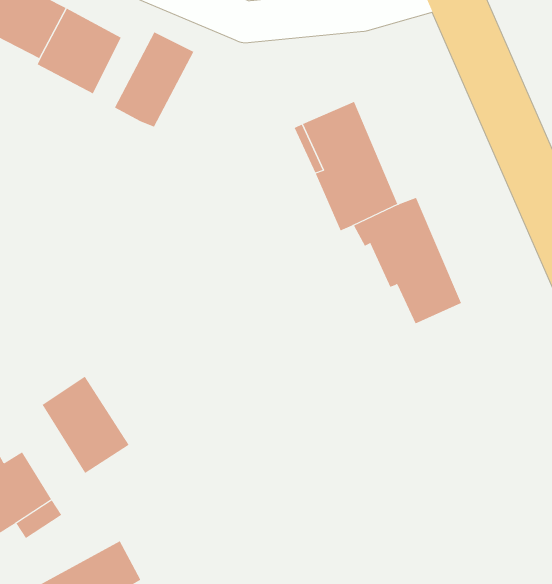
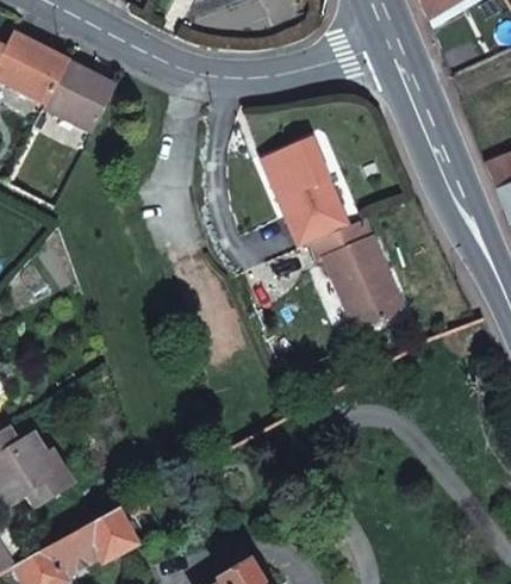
building: [114,32,194,128] -> none
building: [42,376,130,474] -> none

